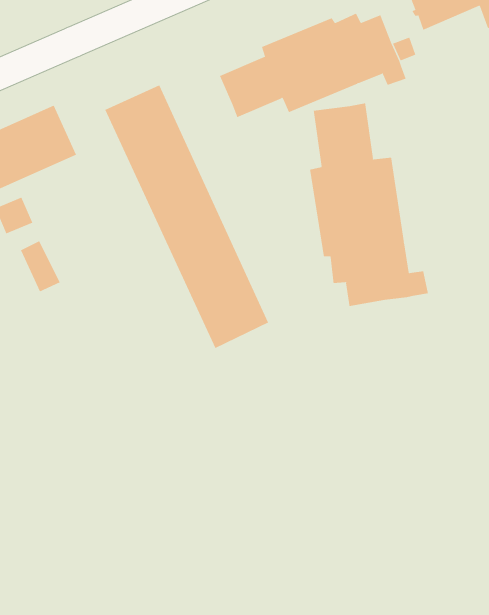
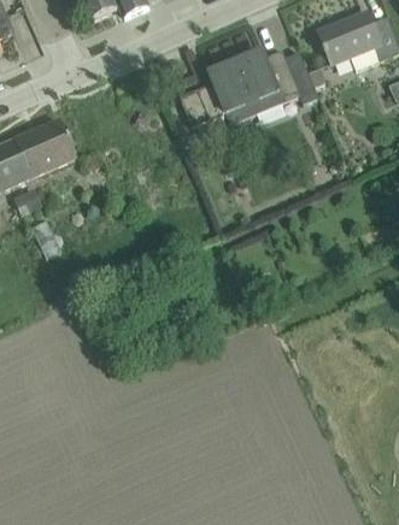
building: [105,85,269,349] -> none
building: [310,103,429,307] -> none

